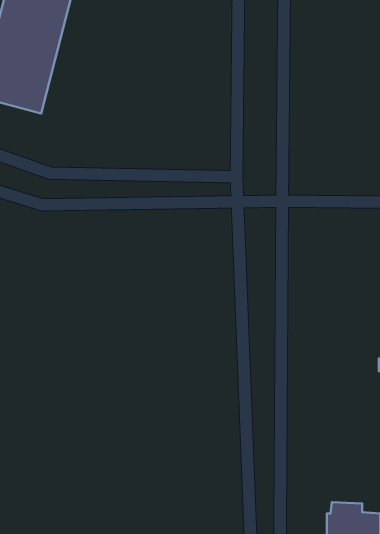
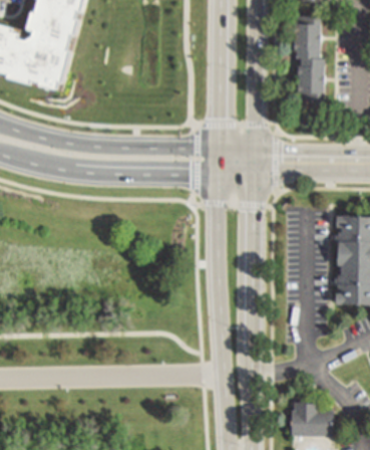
building: none -> [293,17,324,102]

